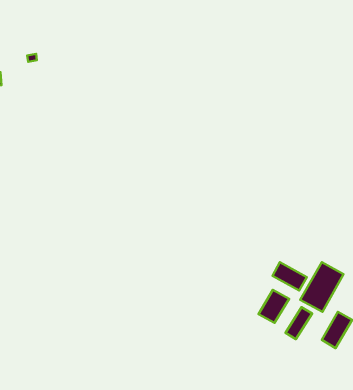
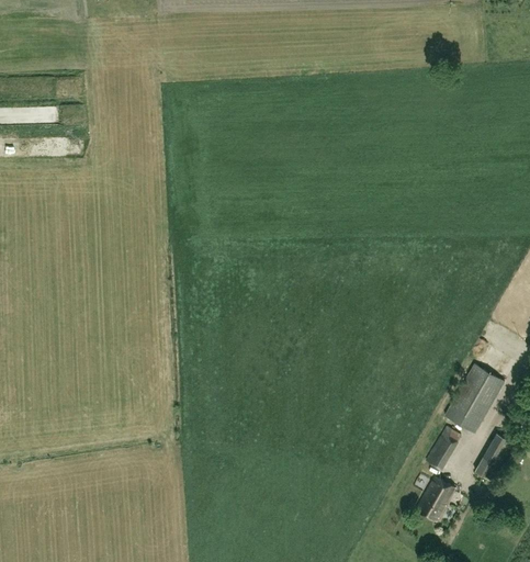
building: [272,262,307,291] -> none
building: [258,290,289,323] -> [414,477,455,522]

